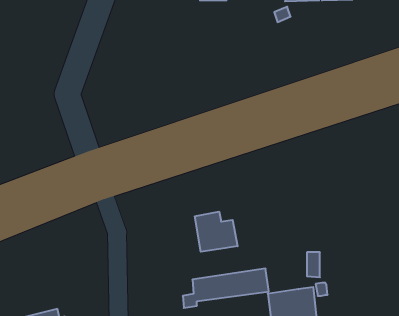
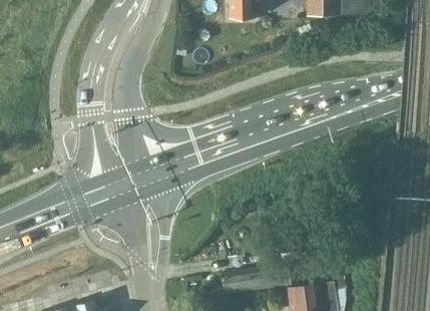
building: [195,212,238,252] -> none

